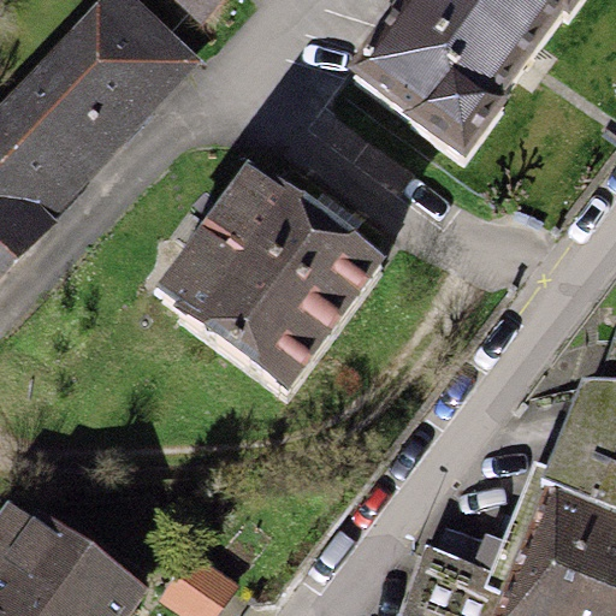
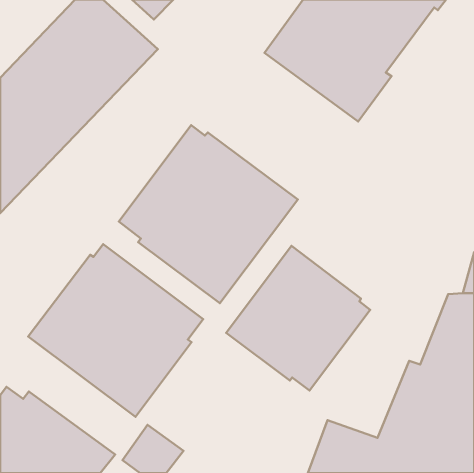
building: none -> [28,244,203,417]
building: none -> [226,246,370,390]

